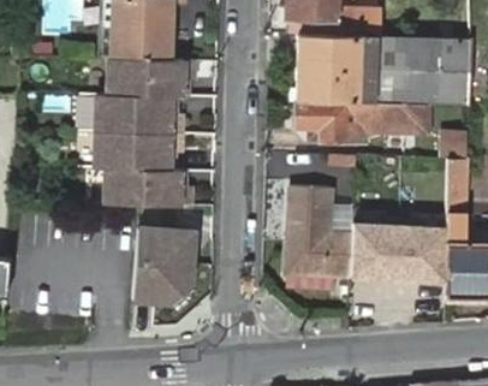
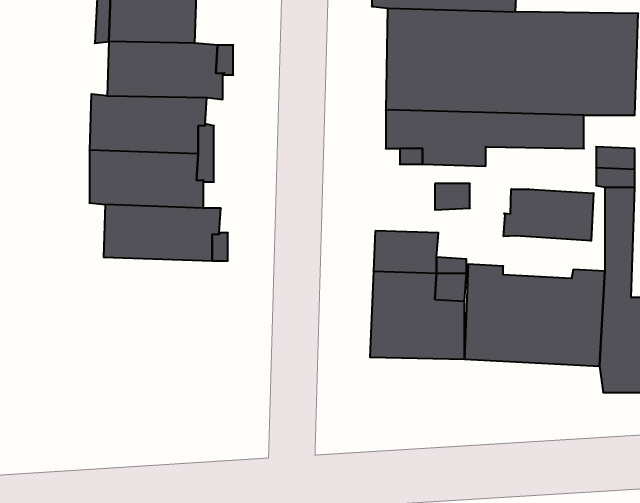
building: none -> [504,189,594,241]
building: [131,232,191,305] -> none

